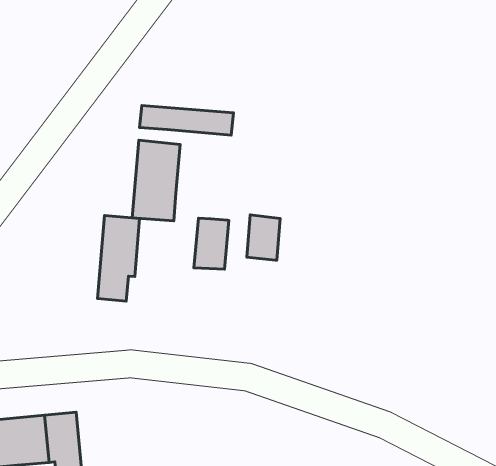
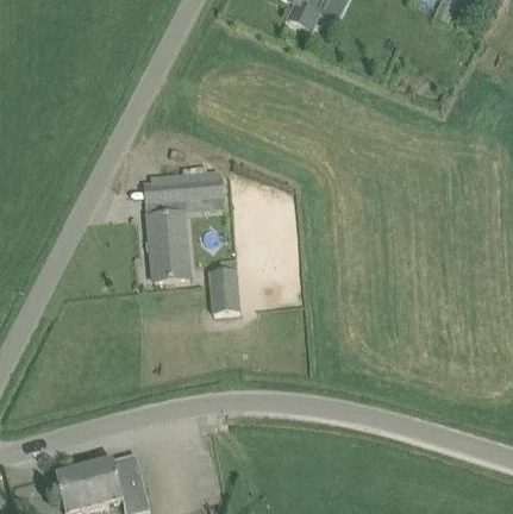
building: [247,215,280,260] -> none
building: [98,216,139,301] -> none

